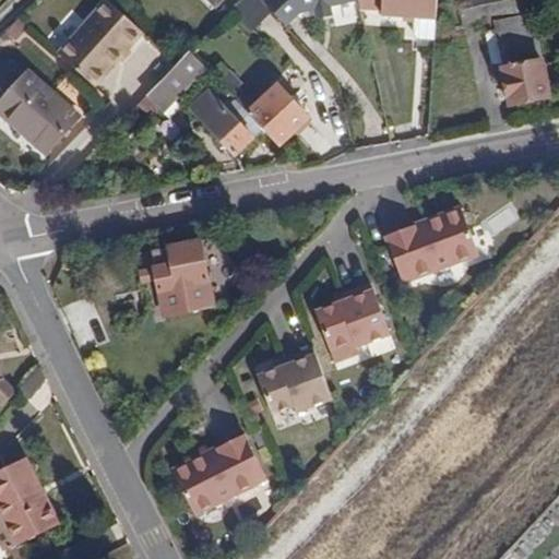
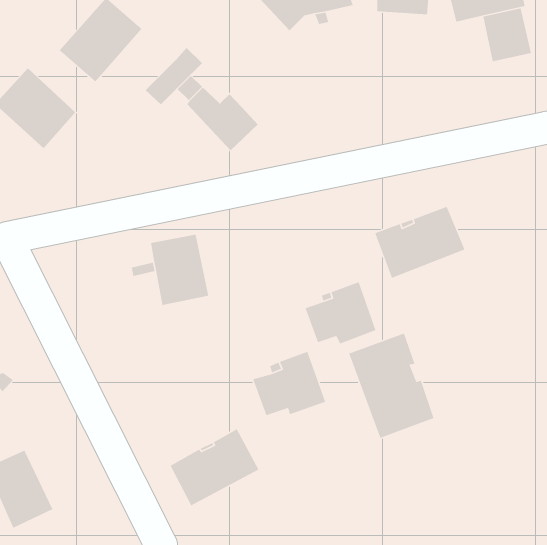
building: [501,55,549,103] -> none
building: [247,82,310,144] -> none
building: none -> [348,332,435,439]

